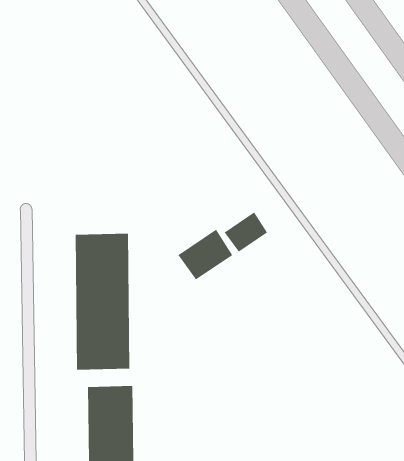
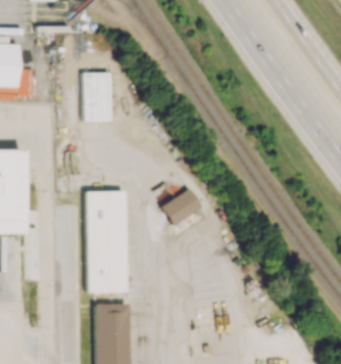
building: none -> [84,72,112,121]
building: [224,211,268,253] -> none

